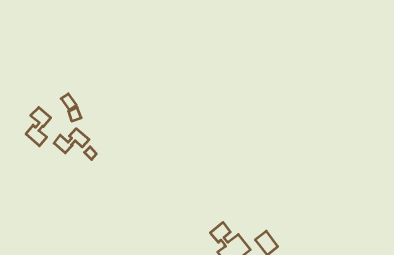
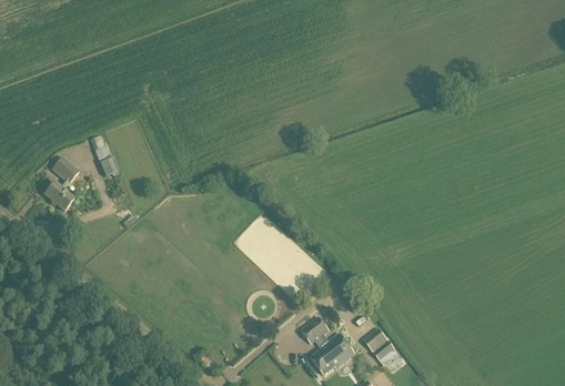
building: [54,129,89,153] -> none

